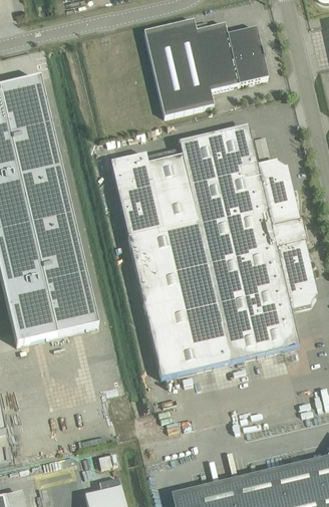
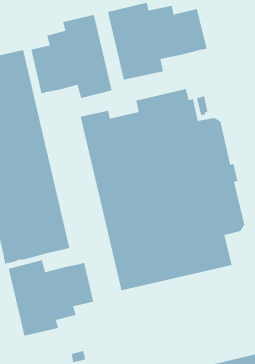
building: none -> [31,14,112,99]
building: none -> [8,260,94,336]

